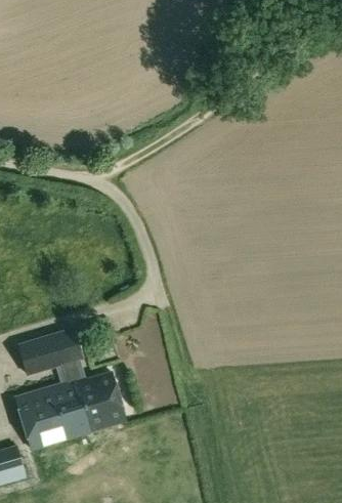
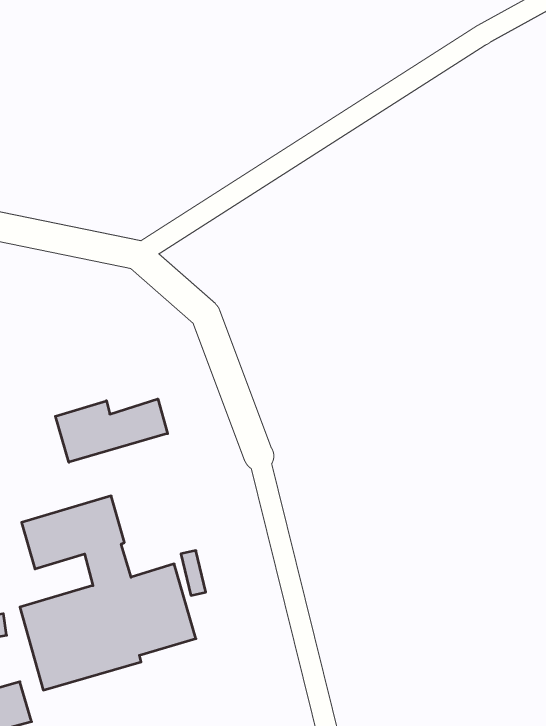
building: none -> [55,399,168,462]

